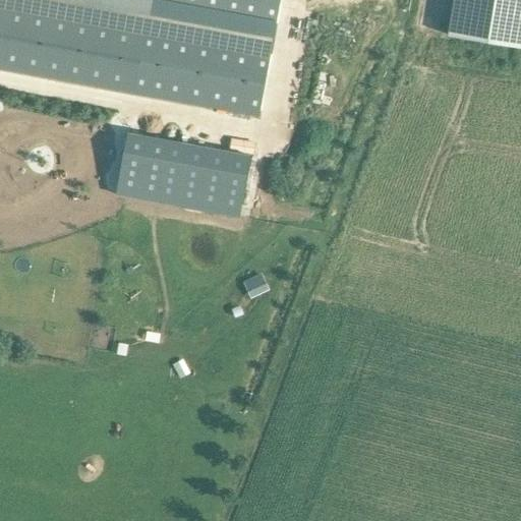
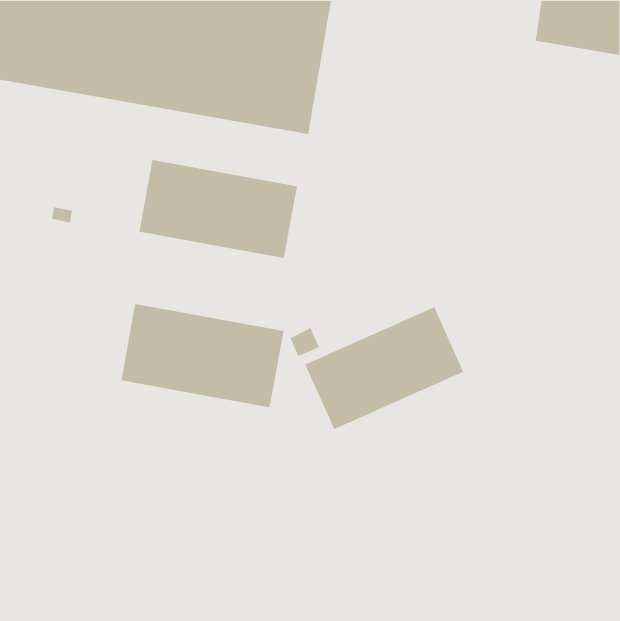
building: none -> [120,303,284,408]
building: none -> [304,306,464,430]

